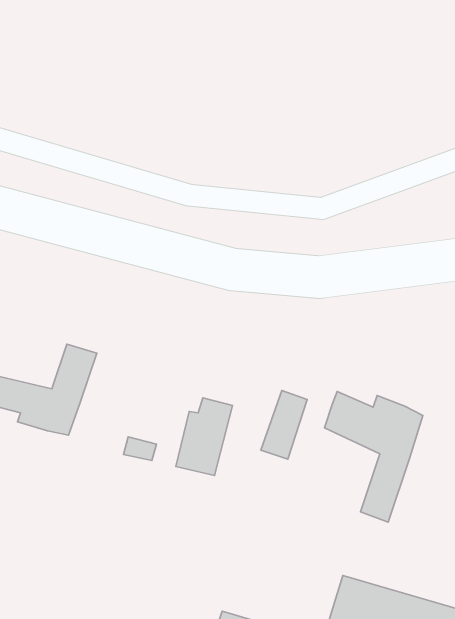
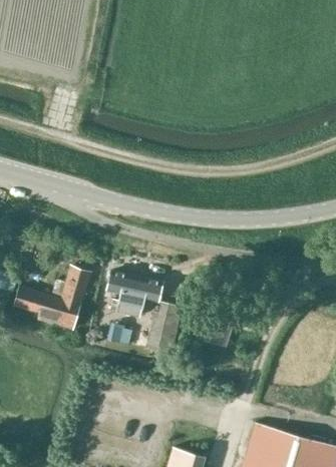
building: none -> [105,275,161,317]
building: [325,391,423,522] -> none

